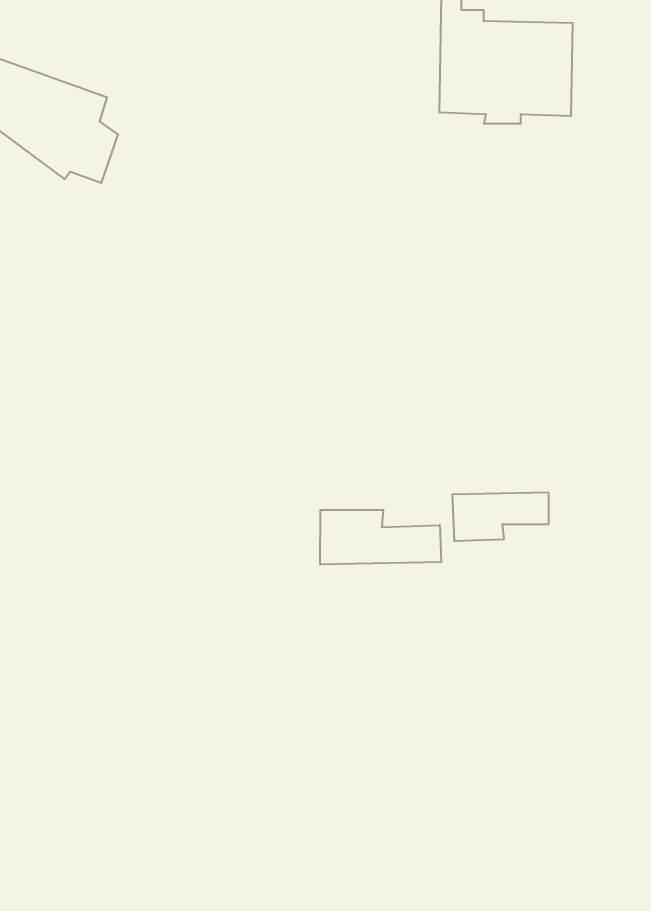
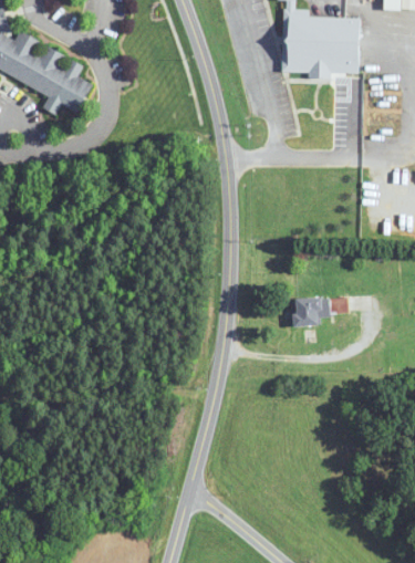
building: [320,510,441,565] -> none

